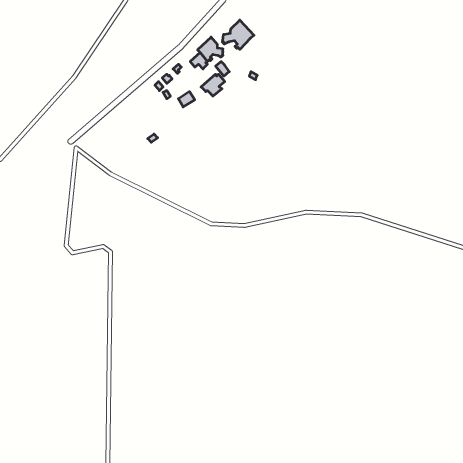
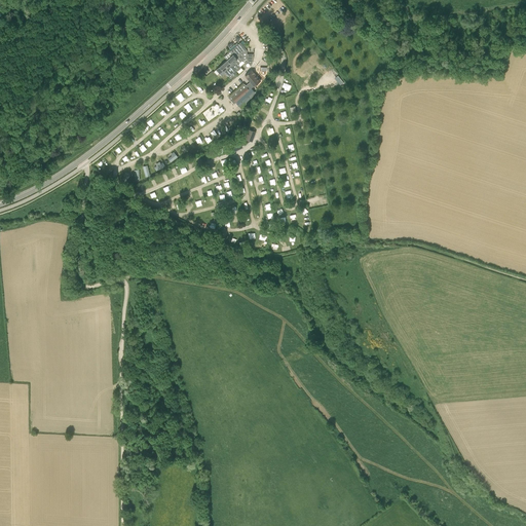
building: [222,20,254,49] -> none

